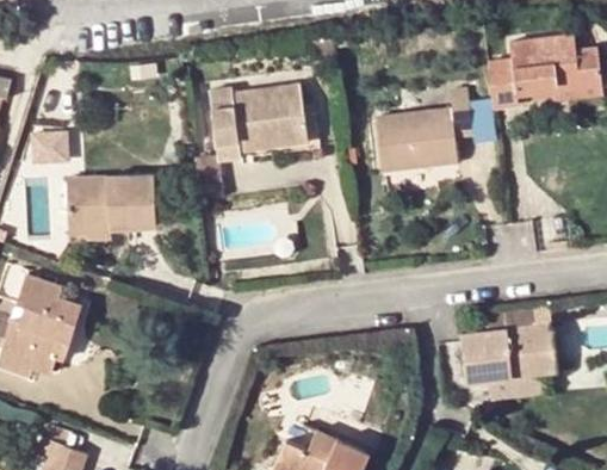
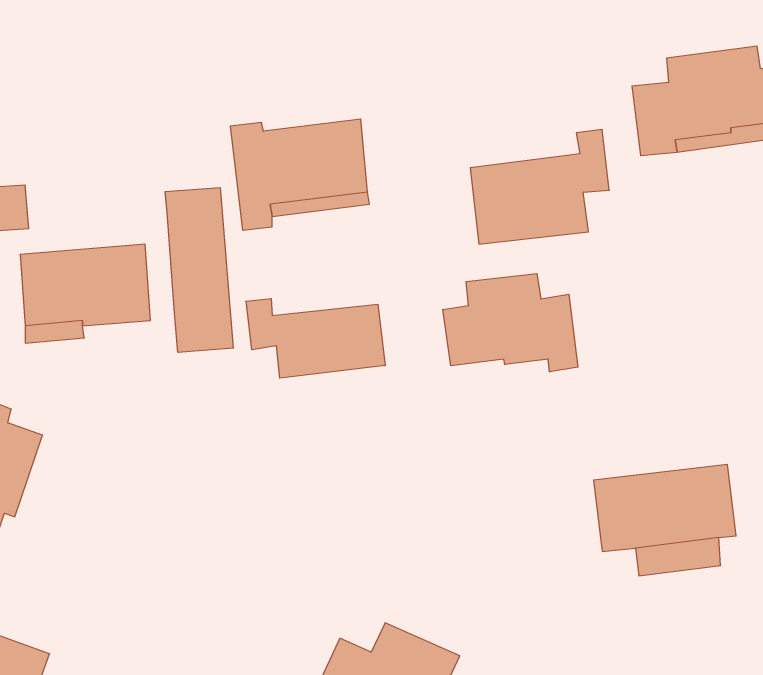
building: none -> [165,188,233,352]
building: none -> [443,274,578,372]
building: none -> [246,299,385,378]

